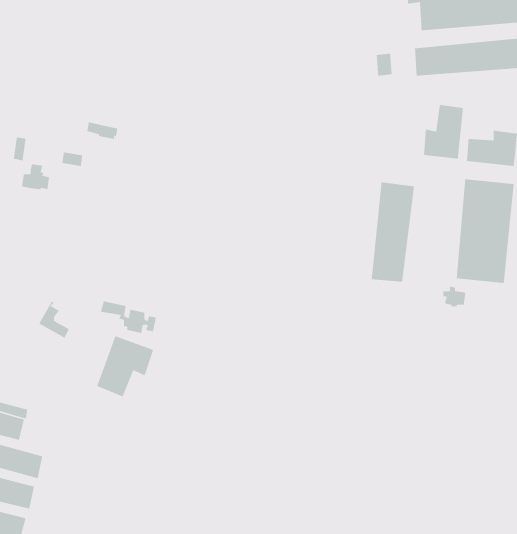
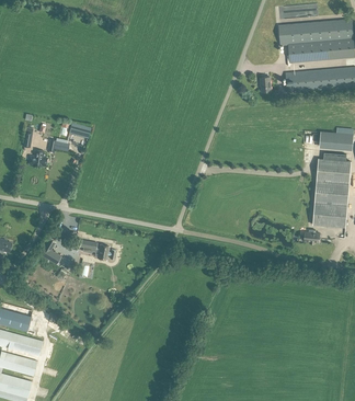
building: [423,104,464,159] -> none
building: [371,181,415,282] -> none
building: [96,335,154,397] -> none

